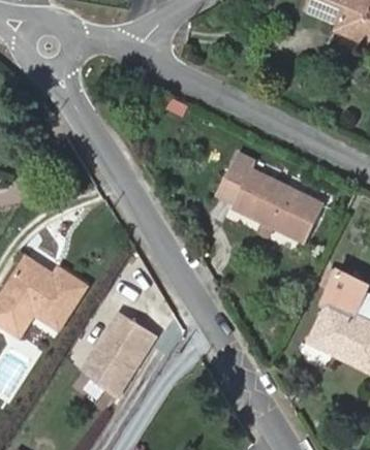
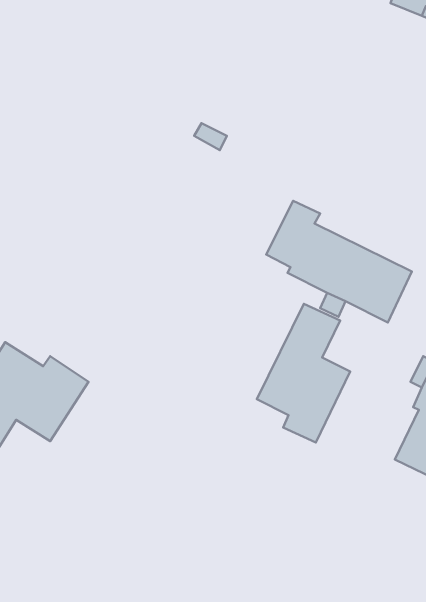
building: none -> [257,304,350,442]
building: [81,312,156,399] -> none

